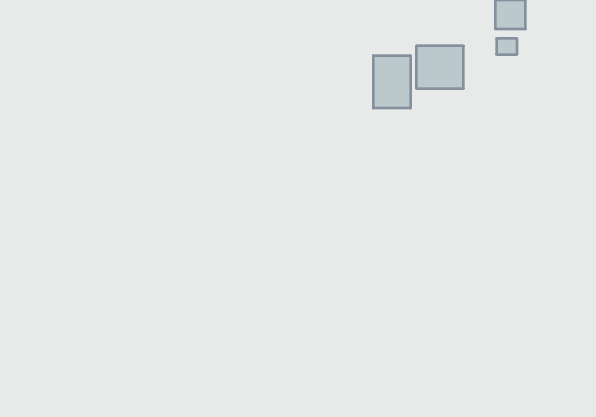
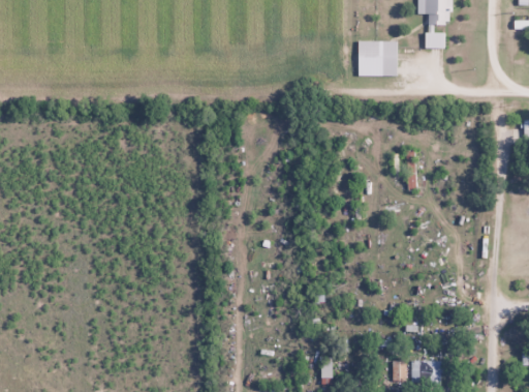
building: [373,55,410,108] -> none

